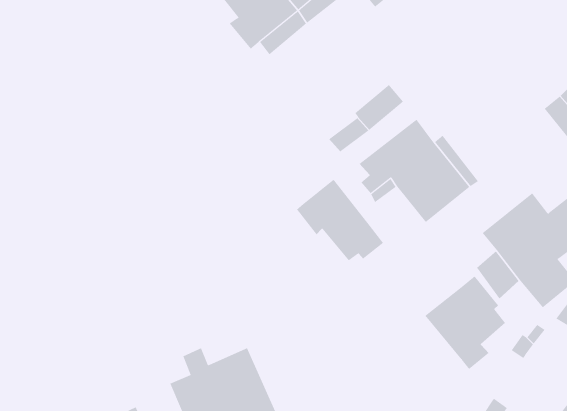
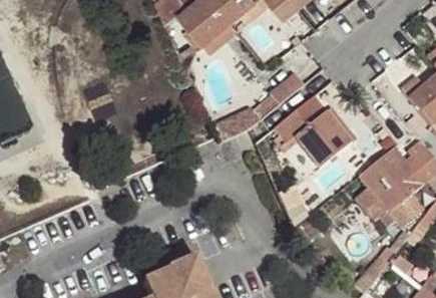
building: [296,179,384,261] -> none
building: [425,275,506,370] -> none

